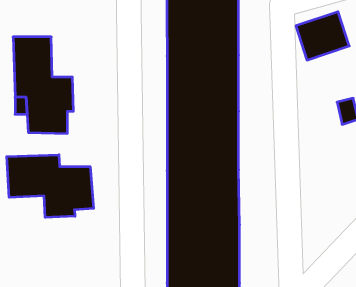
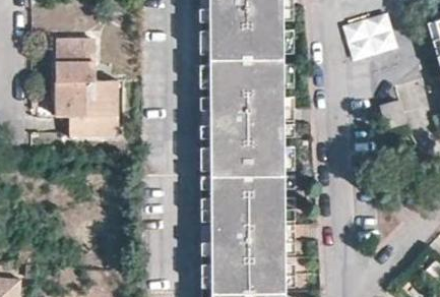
building: [7,155,94,217] -> none

